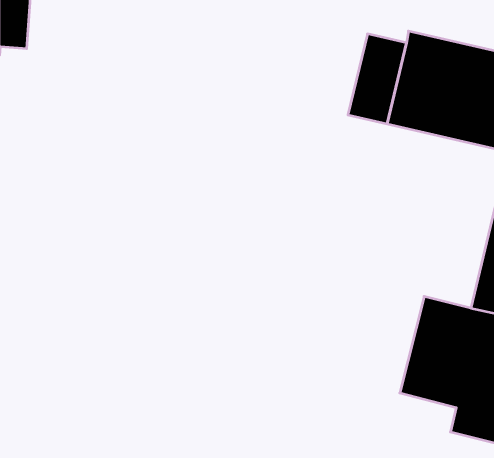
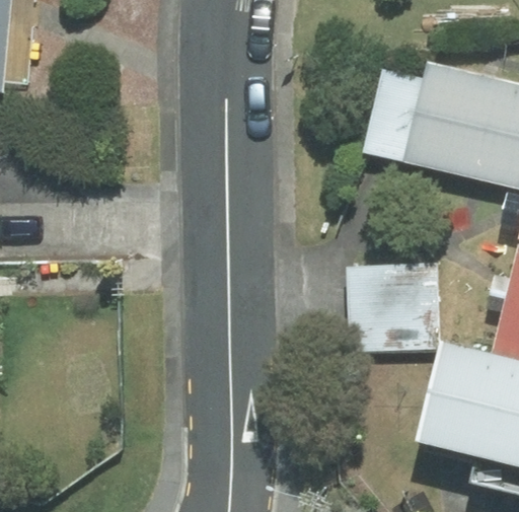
building: none -> [348,265,437,351]

